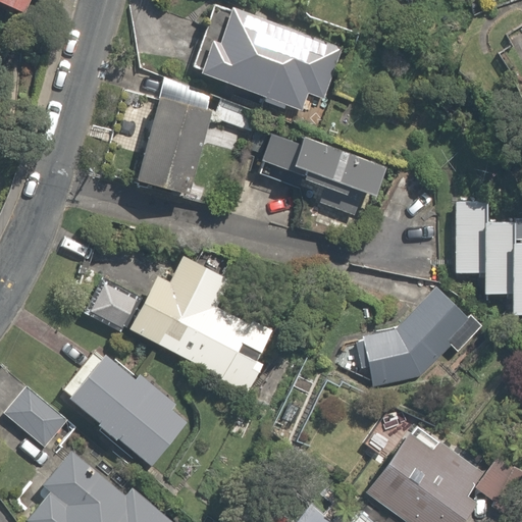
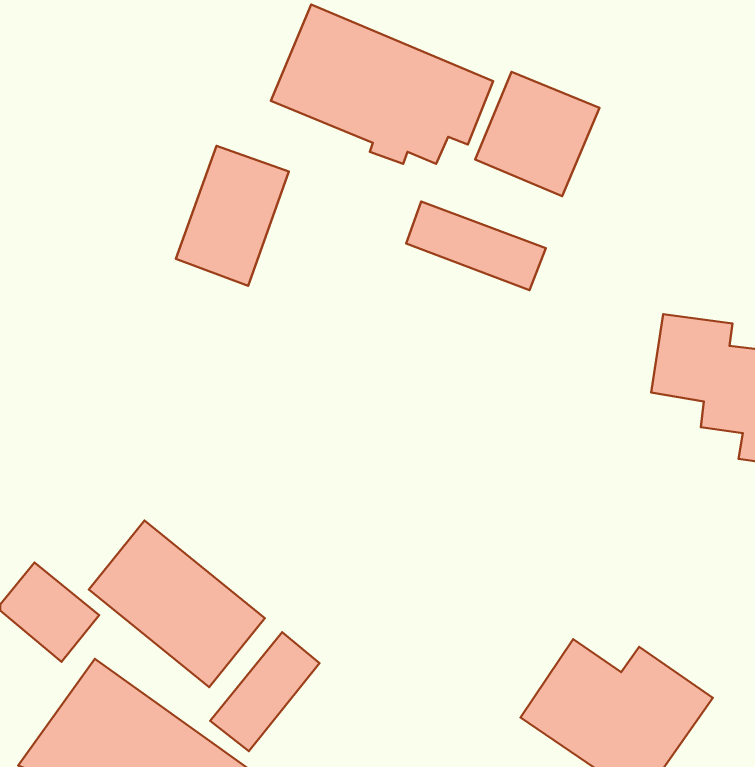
building: none -> [475,72,599,196]
building: [92,255,279,390] -> none
building: [363,290,470,386] -> none
building: none -> [210,632,320,751]

